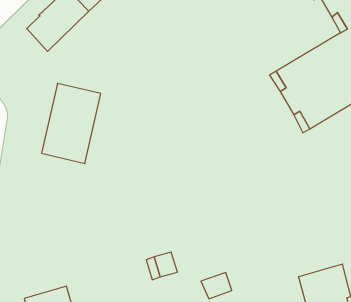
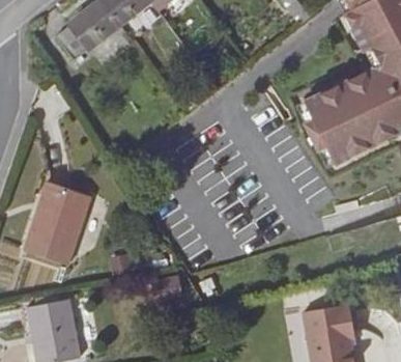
building: [42,83,101,163] -> [26,180,91,263]

